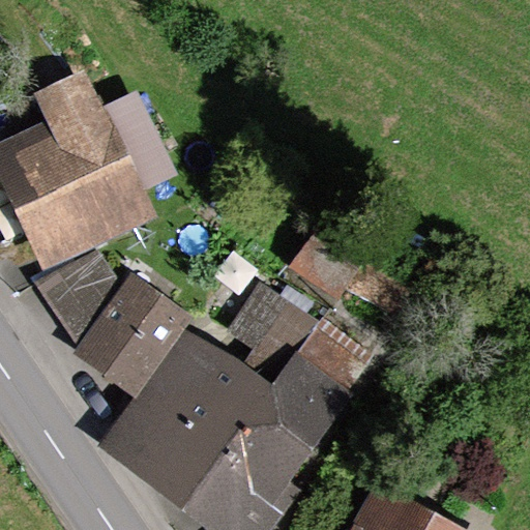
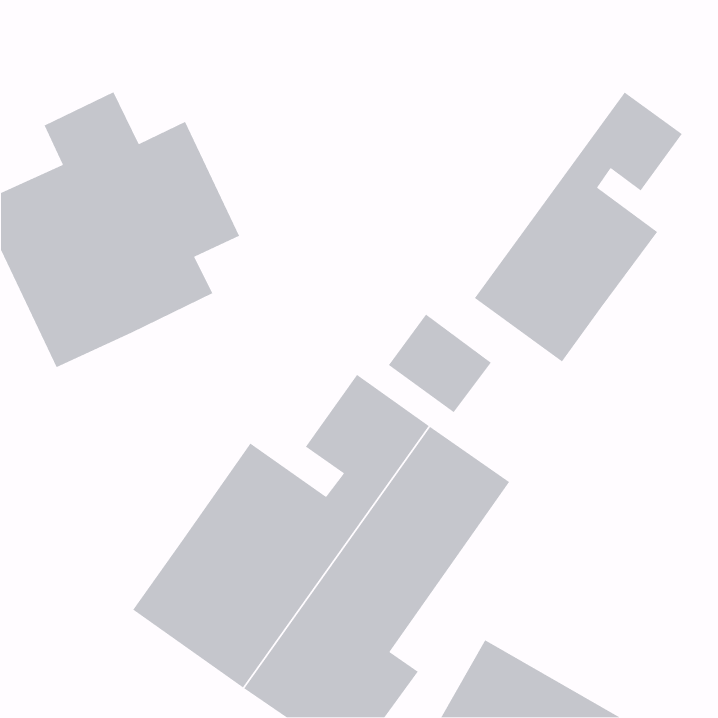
building: none -> [474,92,683,362]
building: [32,245,193,399] -> none

